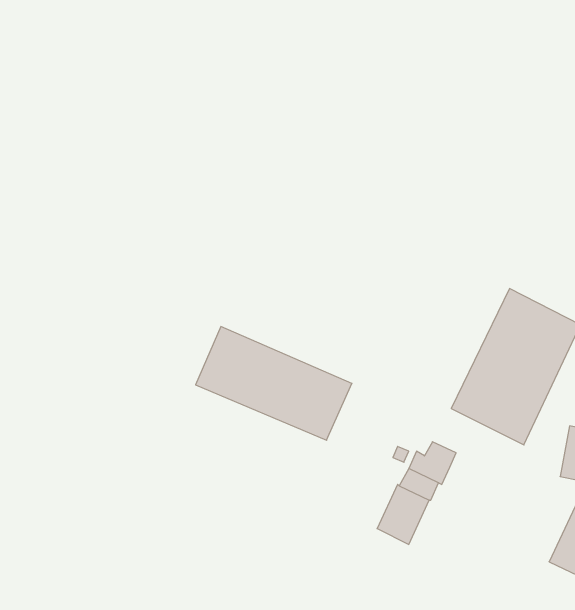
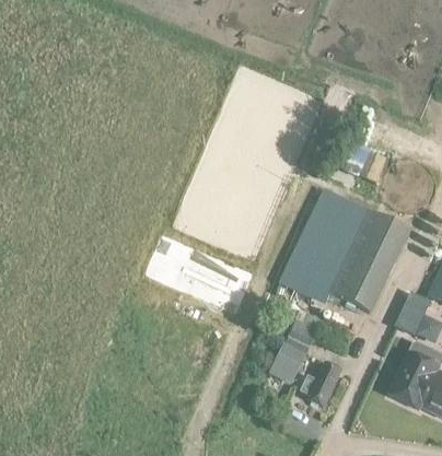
building: none -> [281,186,361,296]
building: none -> [301,361,340,405]

